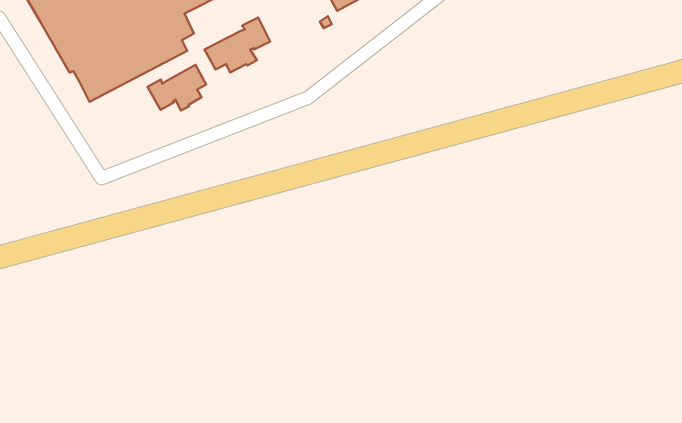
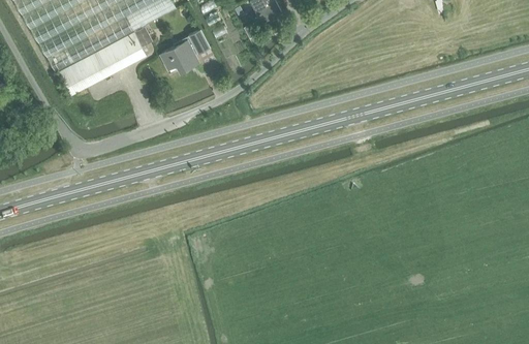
building: [148,65,206,111] -> none

